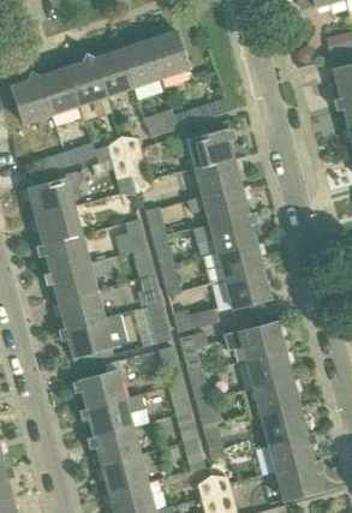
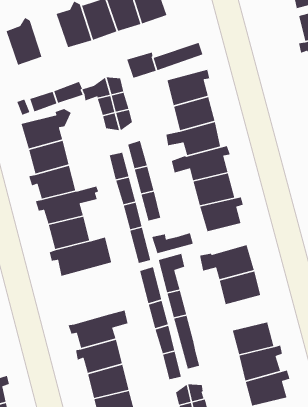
building: [37,66,78,114] -> none
building: [71,369,124,408] -> none
building: [252,377,299,416] -> none

